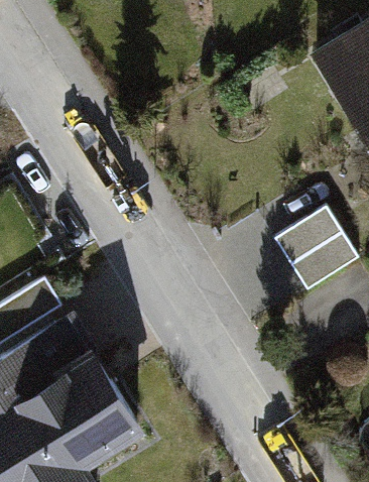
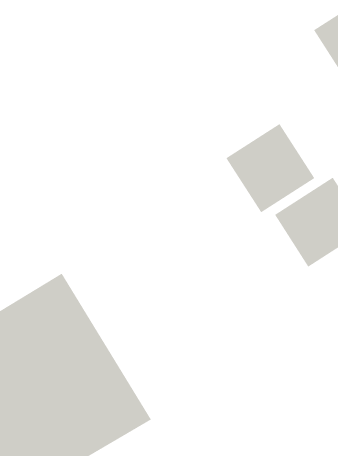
building: none -> [226,123,315,213]

